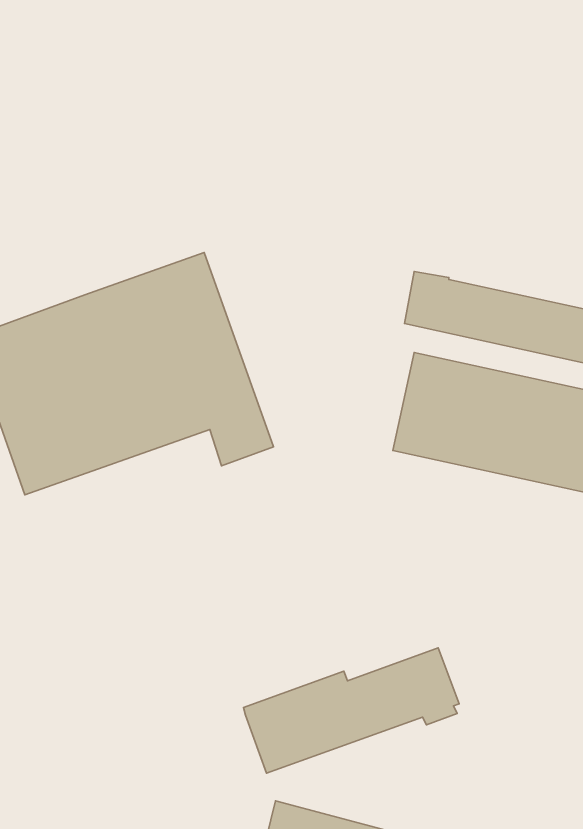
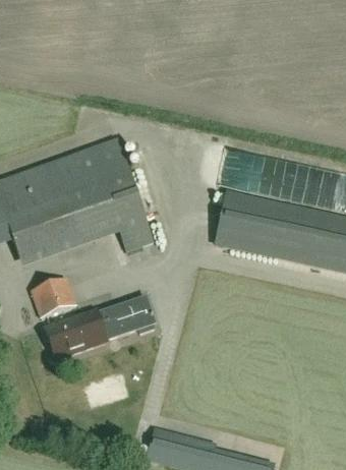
building: none -> [31,277,76,317]
building: [244,648,459,773] -> [43,293,157,359]

